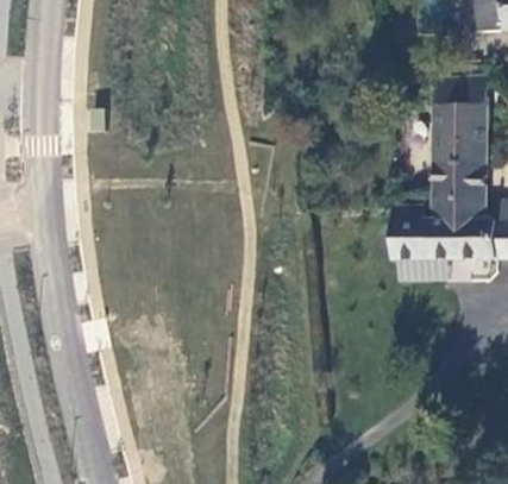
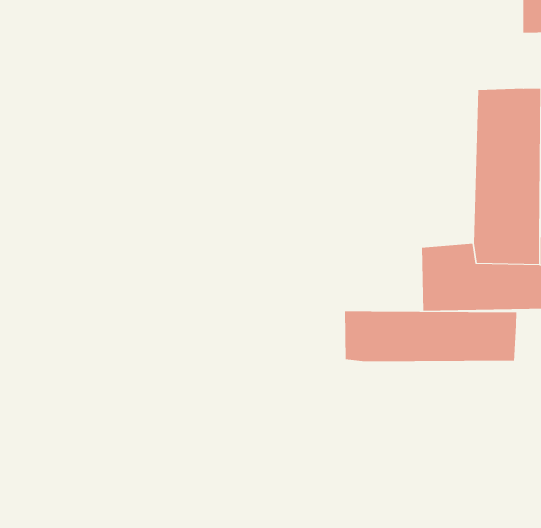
building: none -> [345,310,517,362]

